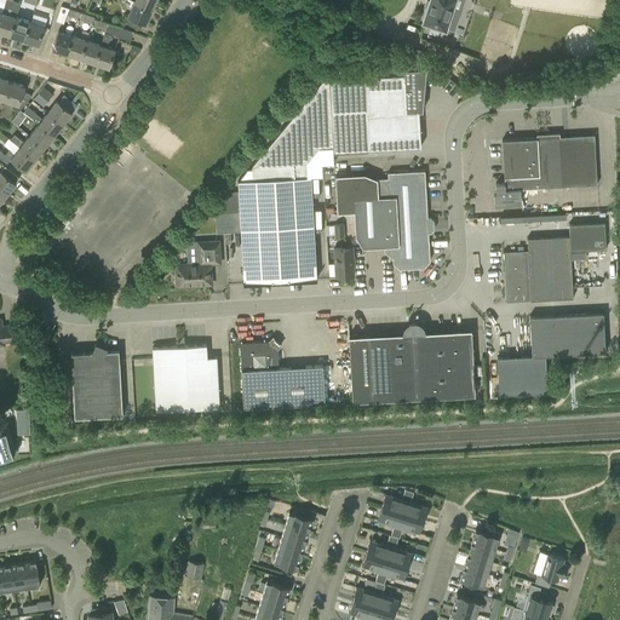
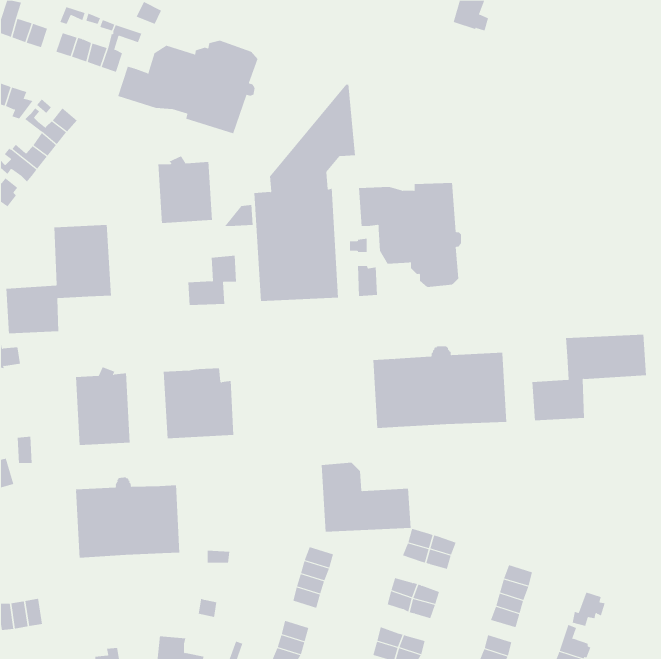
building: none -> [117,40,258,134]
building: [327,71,421,153] -> none
building: [494,134,597,207] -> none
building: none -> [158,155,213,224]
building: none -> [6,224,112,334]
building: [504,224,605,304] -> none
building: [240,343,325,408] -> [321,462,411,532]
building: none -> [75,476,180,559]

